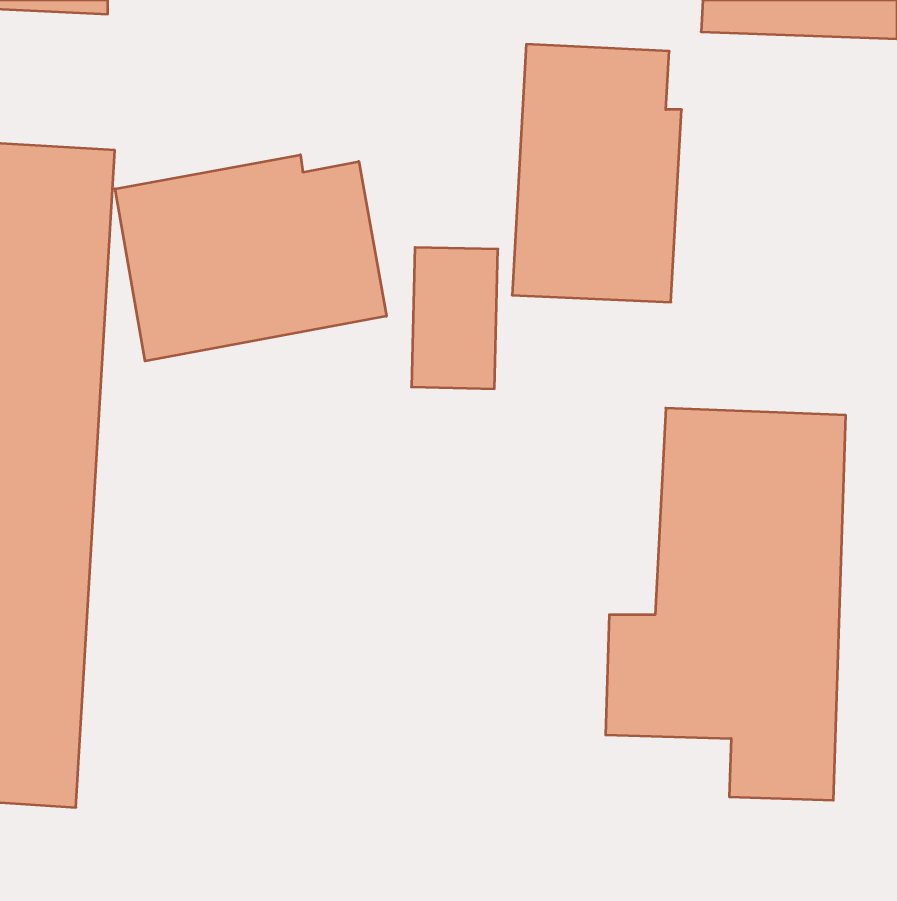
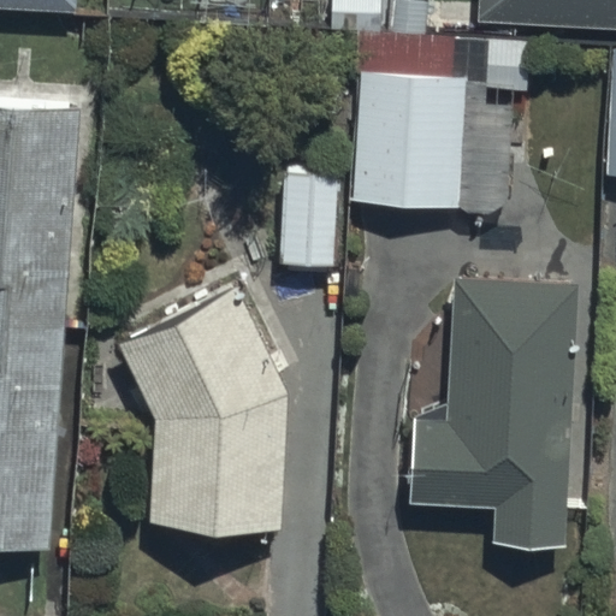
building: [115,155,386,361] -> none
building: none -> [117,286,284,533]

